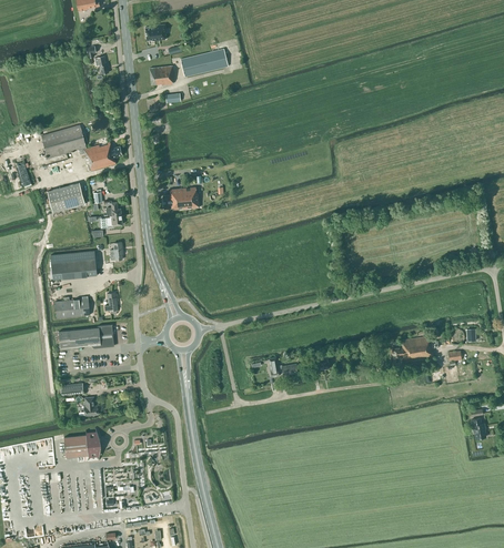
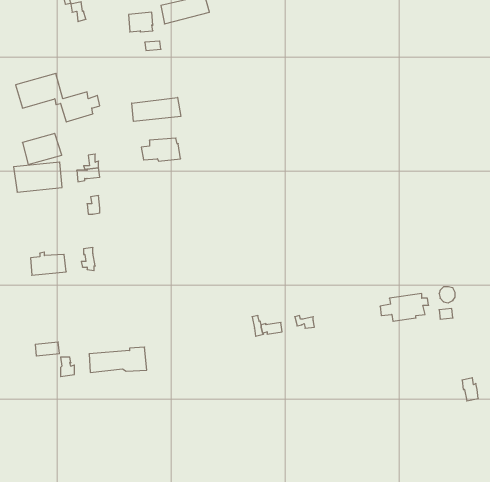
building: none -> [132,97,181,121]
building: [50,251,97,280] -> [14,162,62,192]
building: [59,324,114,348] -> [89,347,147,372]
building: [64,427,101,460] -> none

